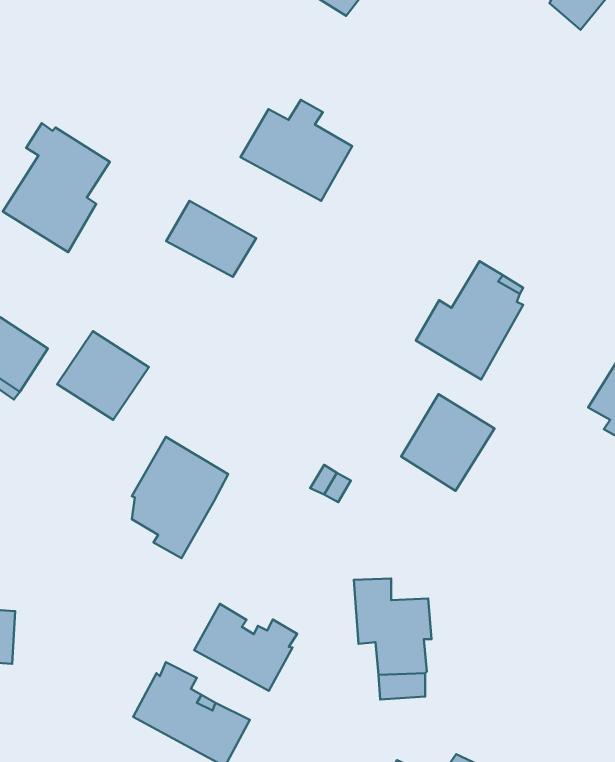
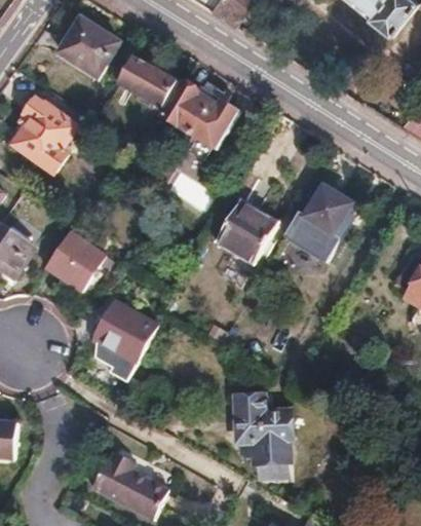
building: none -> [60,20,120,77]
building: [166,201,256,277] -> [117,58,177,108]
building: [401,394,494,491] -> [216,198,277,262]
building: [194,604,297,691] -> none

